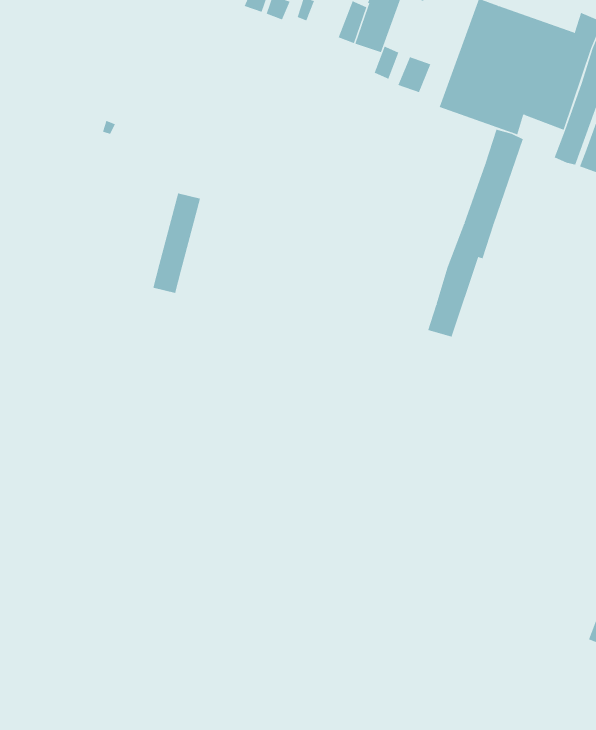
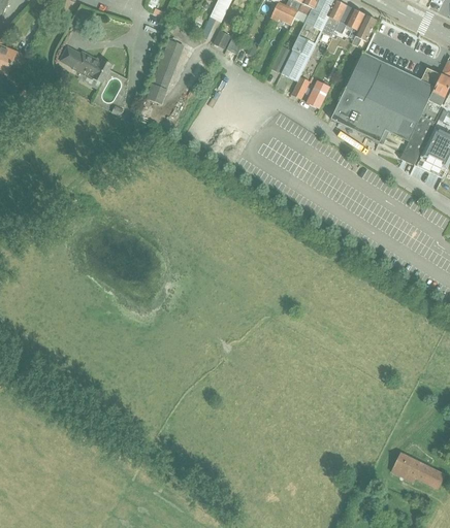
building: none -> [60,45,111,81]
building: [428,129,523,338] -> none
building: [153,193,201,294] -> [147,39,183,103]

